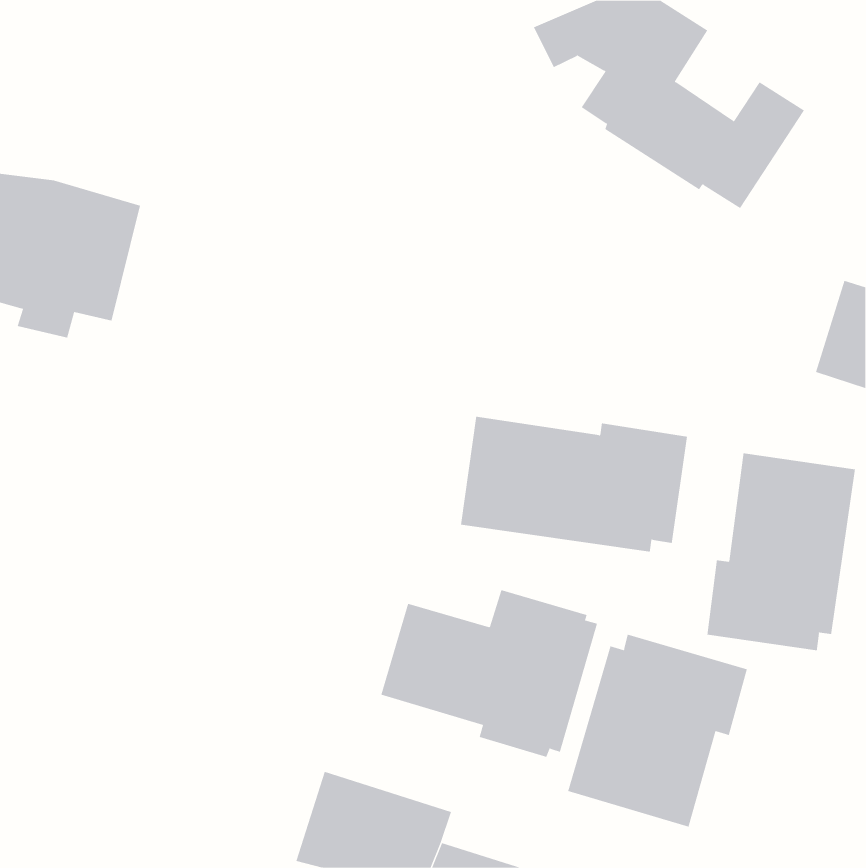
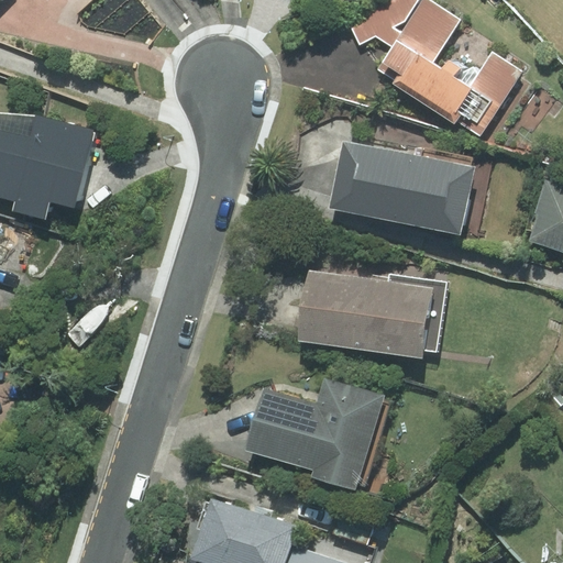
building: none -> [329,141,473,234]
building: [707,453,855,651] -> none
building: [567,634,747,827] -> none

